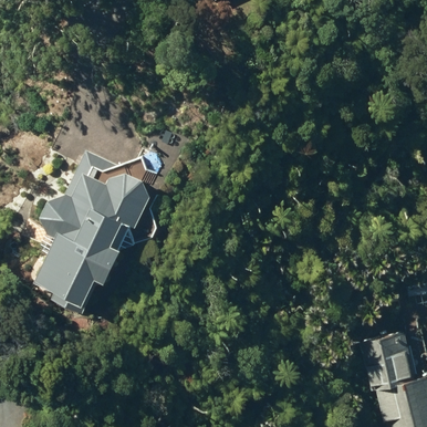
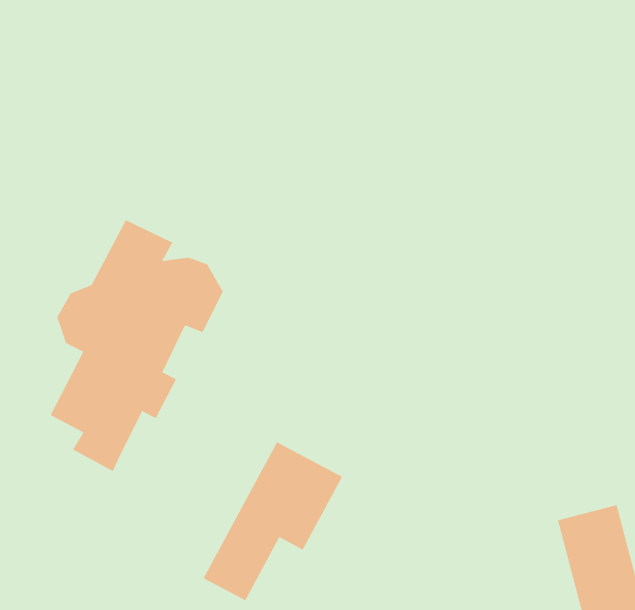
building: none -> [203,441,343,601]

